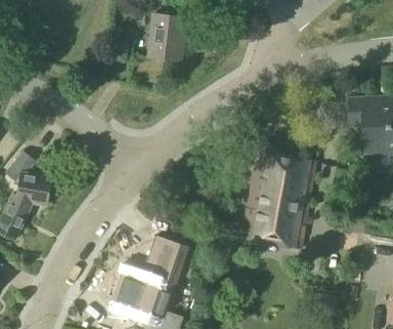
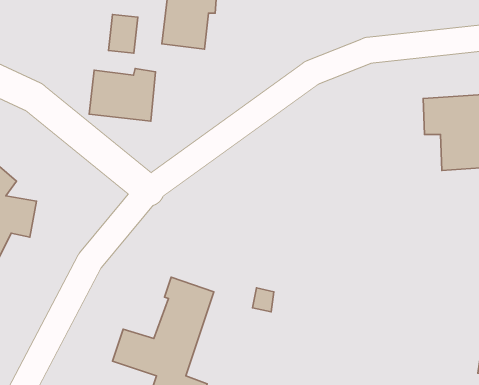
building: none -> [89,69,156,121]
building: [242,151,315,247] -> none

